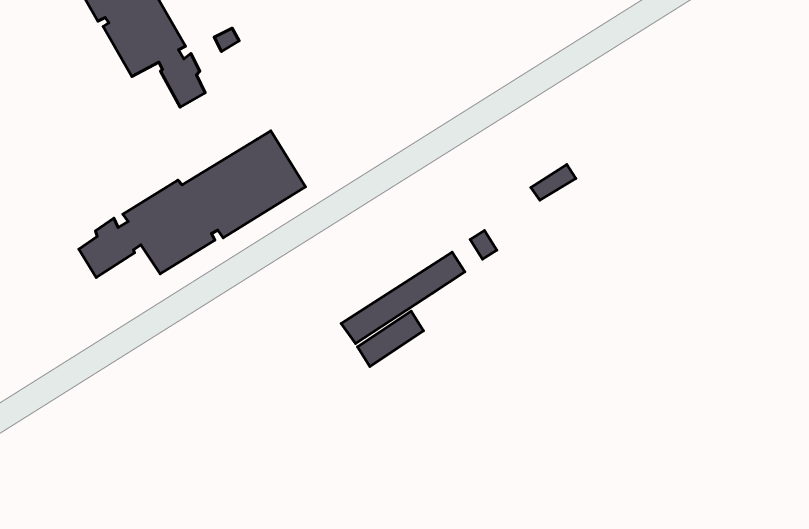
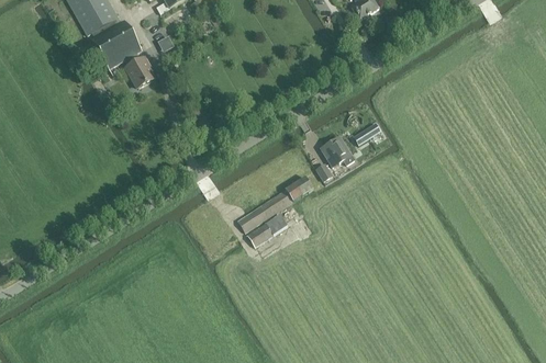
building: [79,131,305,277] -> none
building: none -> [320,137,353,168]

